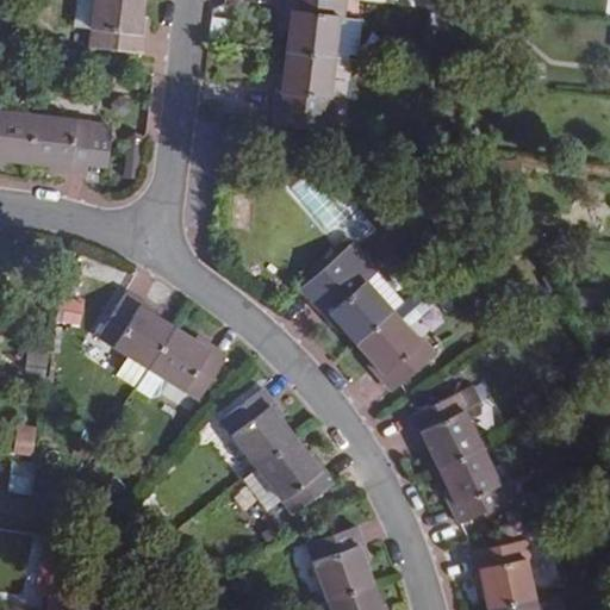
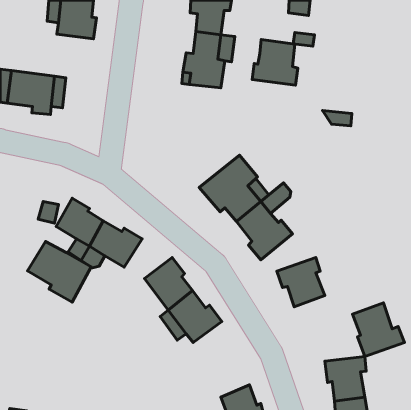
building: none -> [252,40,298,85]
building: none -> [28,242,91,302]
building: [437,441,513,519] -> [353,303,405,356]
building: [310,519,372,590] -> none

